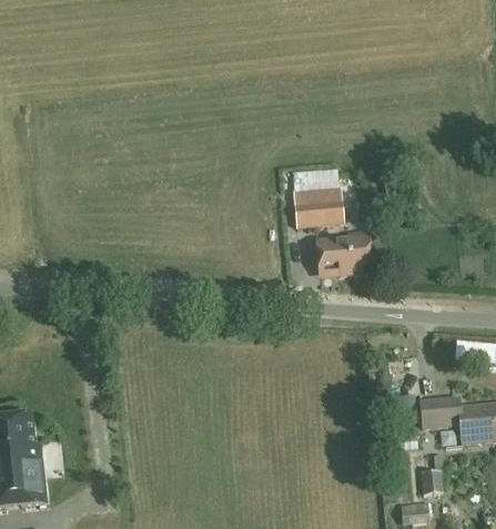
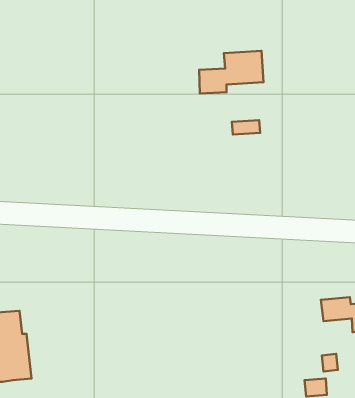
building: none -> [199,51,263,94]
building: [294,186,344,227] -> none
building: [317,235,371,275] -> none

